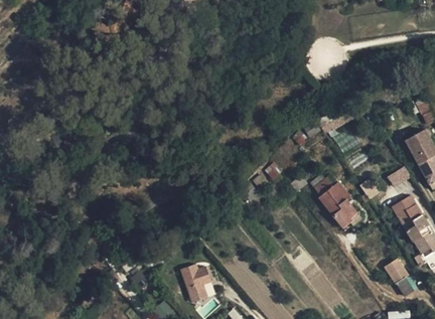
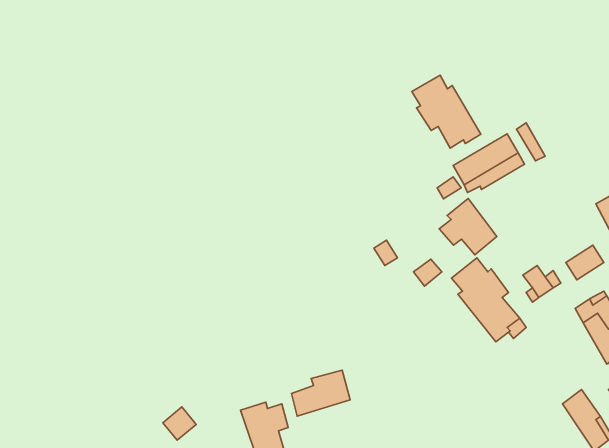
building: none -> [412,75,481,148]
building: none -> [439,199,497,255]
building: none -> [291,370,350,416]

